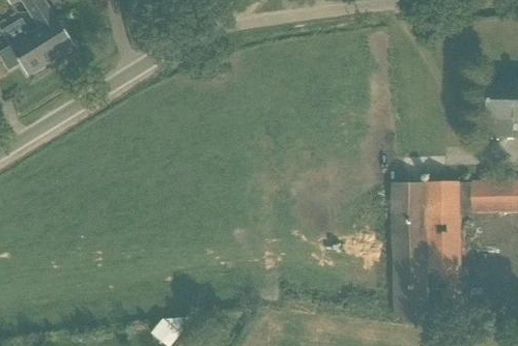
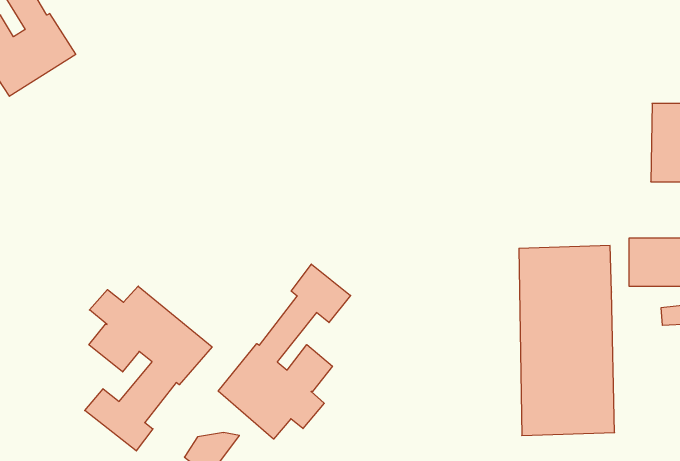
building: none -> [218,264,351,439]
building: none -> [85,286,212,451]

